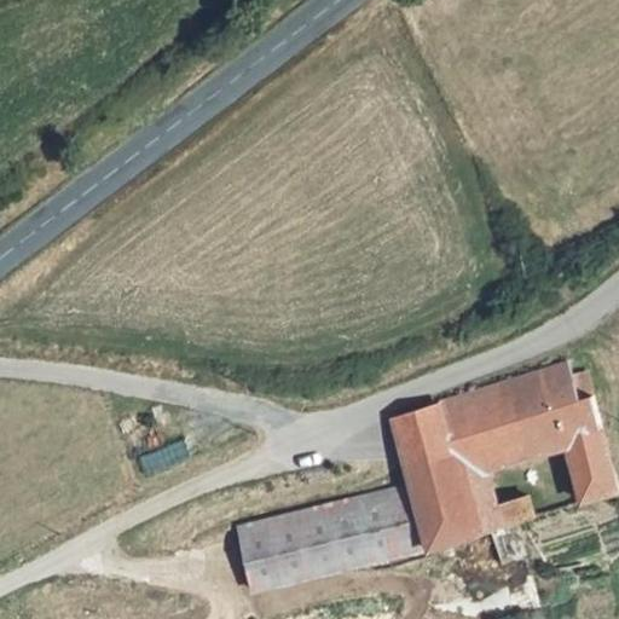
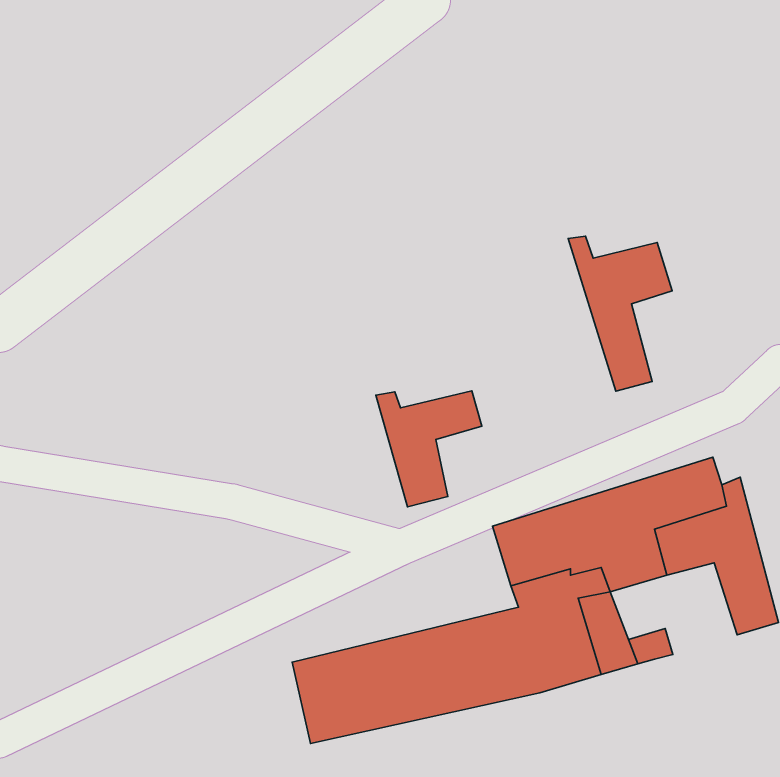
building: none -> [568,236,672,391]
building: none -> [376,391,482,507]

